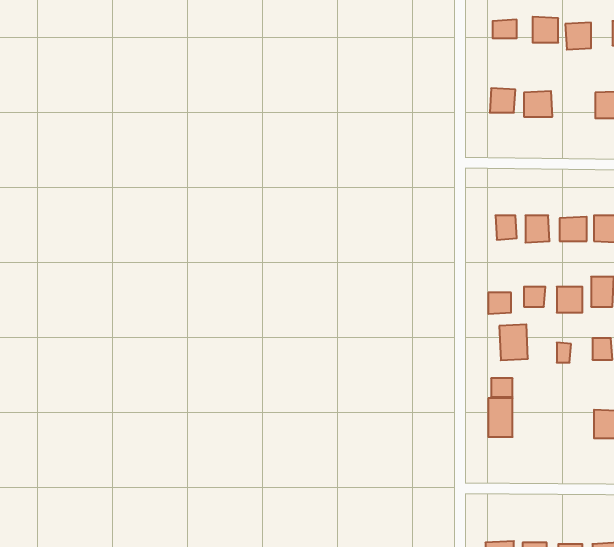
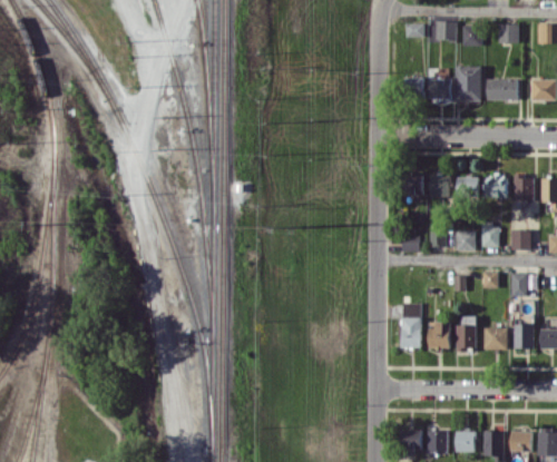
building: none -> [456,66,481,101]
building: [499,324,528,360] -> [428,322,450,350]
building: none -> [457,317,476,351]

